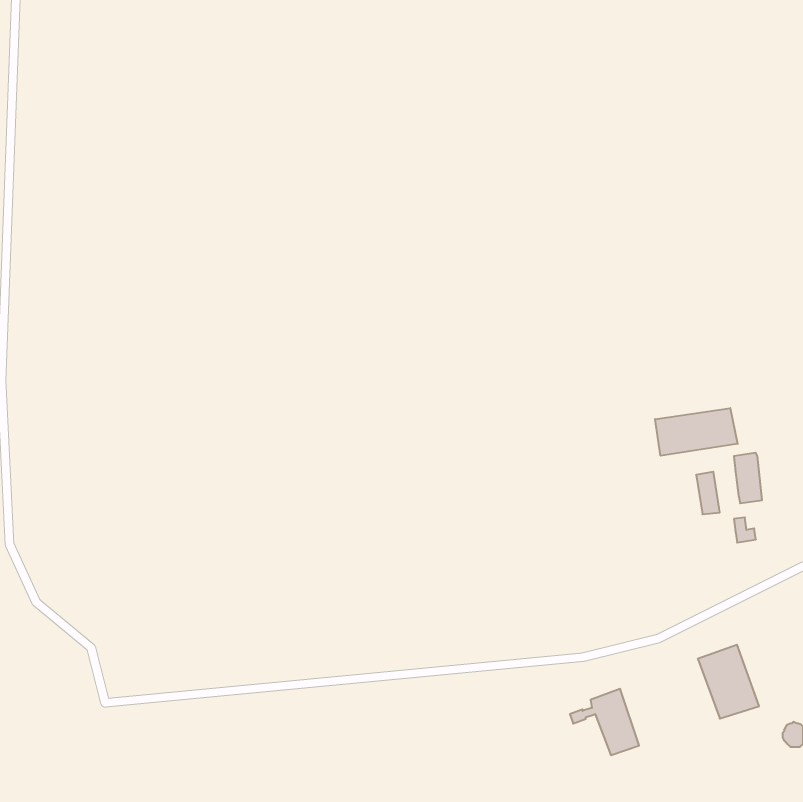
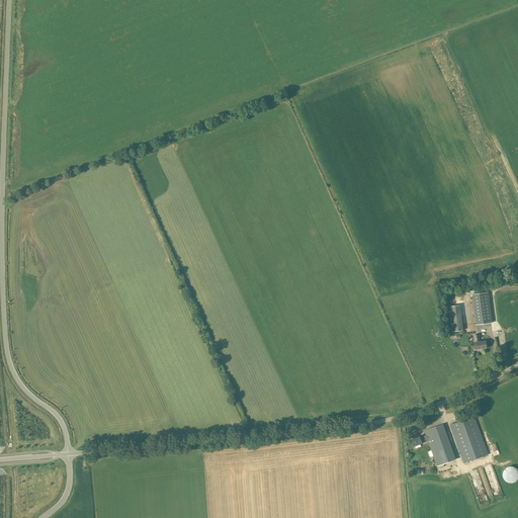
building: [655,408,738,456] -> none
building: [570,689,639,755] -> [411,423,455,465]

